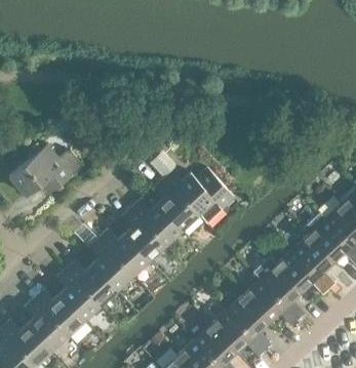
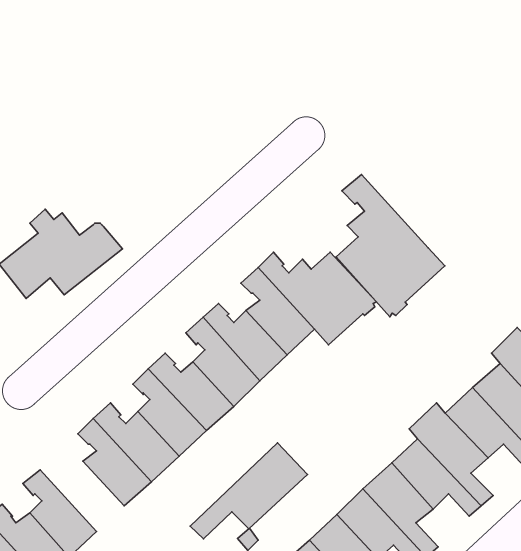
building: none -> [336,175,445,317]
building: none -> [190,443,307,539]
building: [35,289,85,335] -> none

